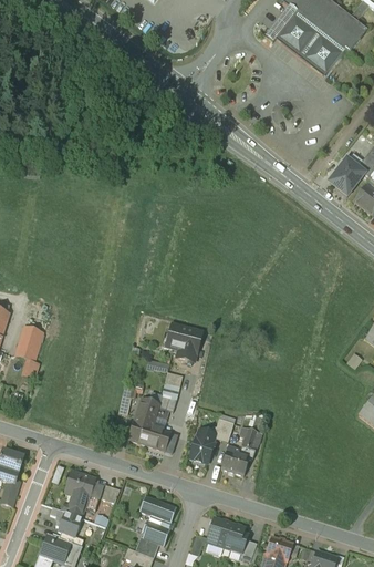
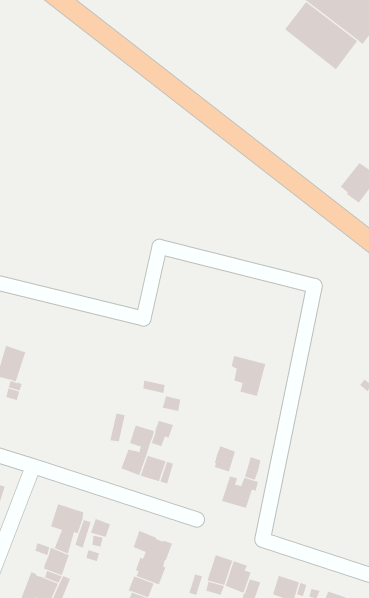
building: [169,323,201,361] -> [231,355,266,397]
building: [189,426,216,462] -> none

